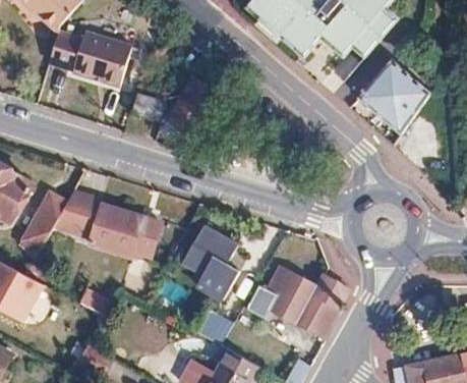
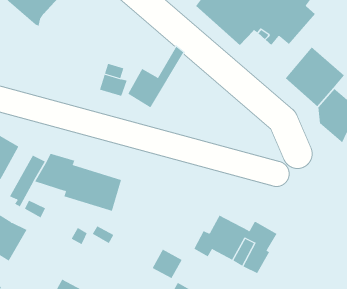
building: [49,34,131,90] -> none
building: [182,224,241,298] -> none

